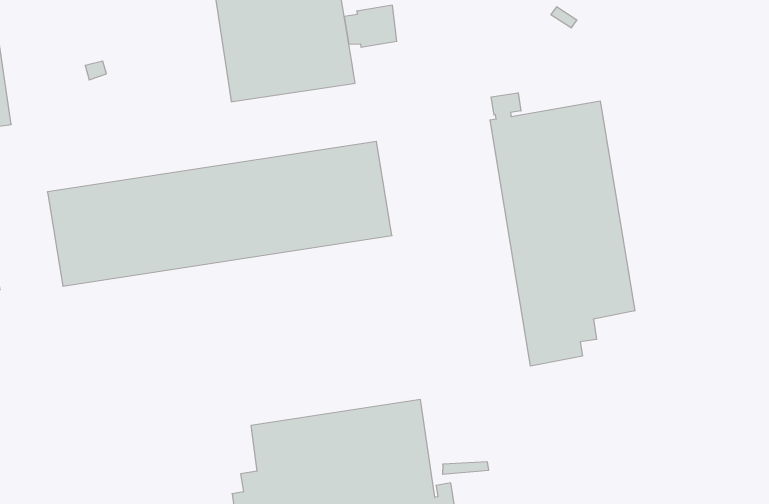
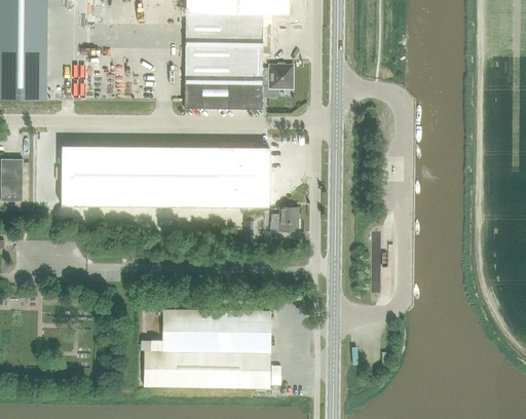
building: [490,93,635,366] -> none
building: none -> [271,207,298,231]

